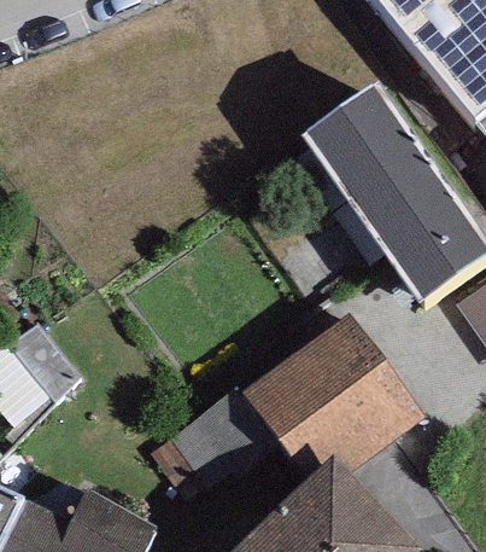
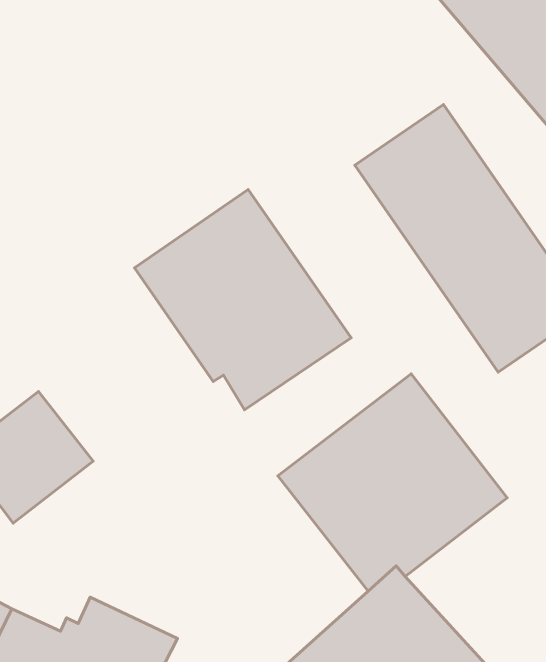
building: none -> [134,190,351,410]

